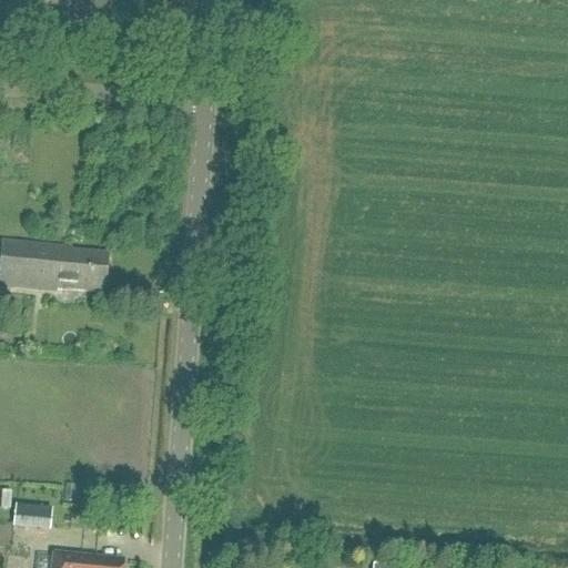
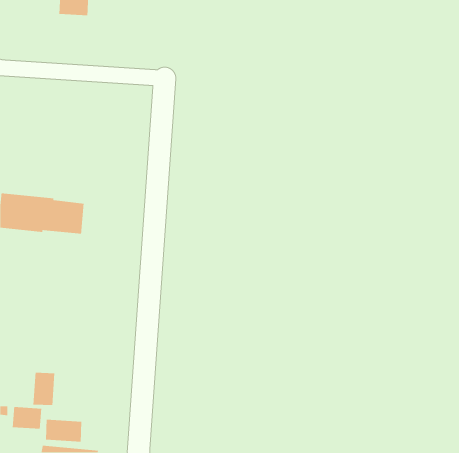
building: none -> [33,372,55,406]
building: none -> [45,419,82,443]

